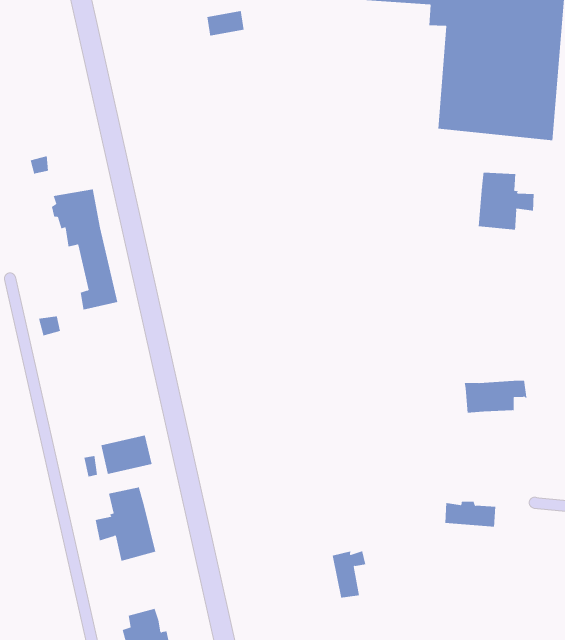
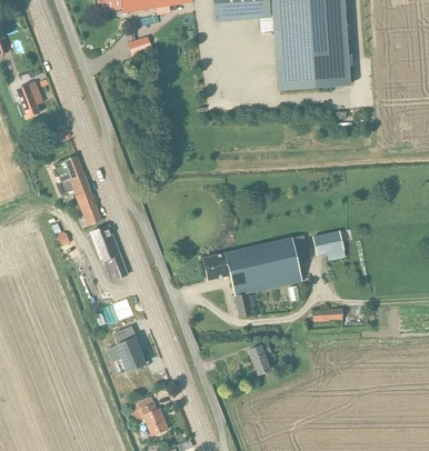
building: none -> [19,82,44,117]
building: [478,172,534,231] -> none
building: none -> [92,223,129,280]
building: none -> [204,234,310,315]

